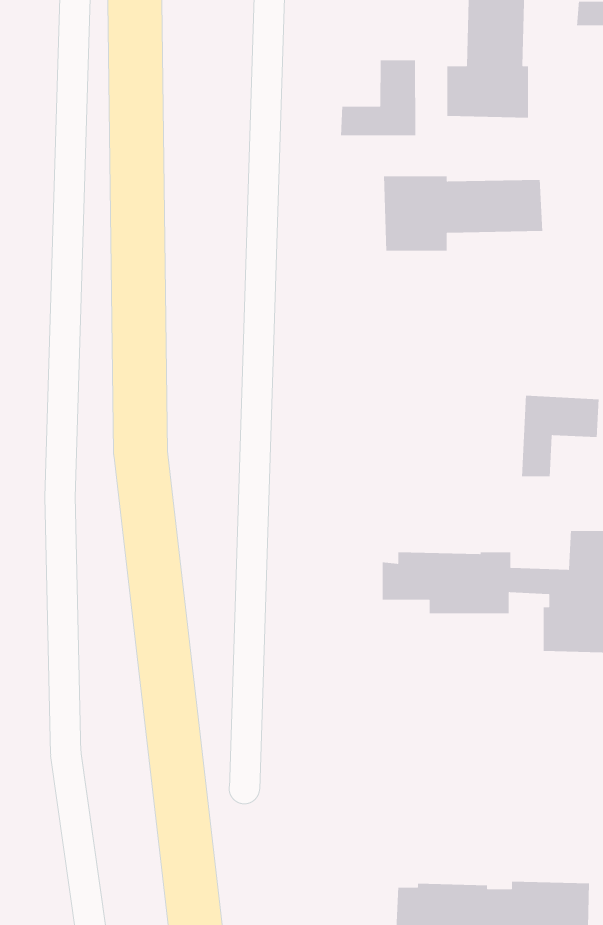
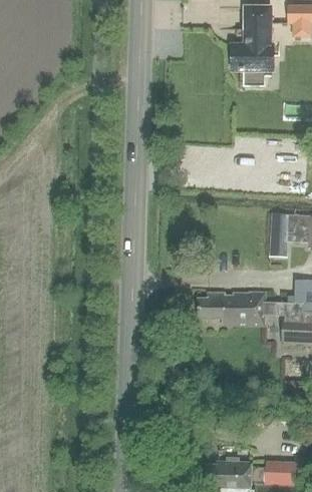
building: [340,59,416,136] -> none
building: [383,175,543,252] -> none

